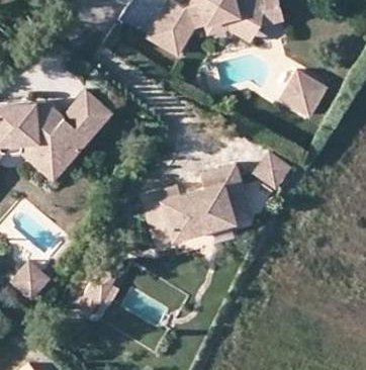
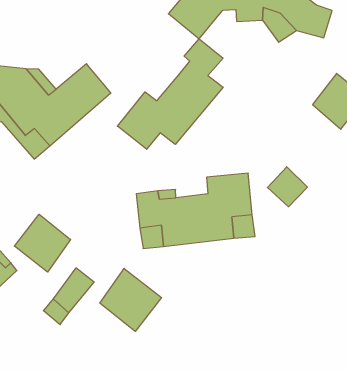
building: none -> [117,39,223,149]
building: none -> [14,214,71,272]
building: none -> [100,268,161,331]

